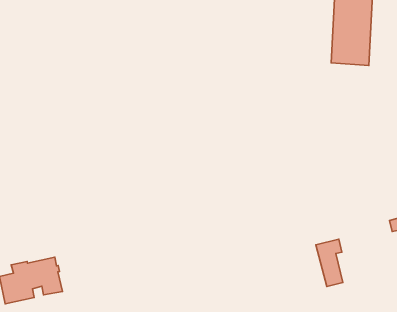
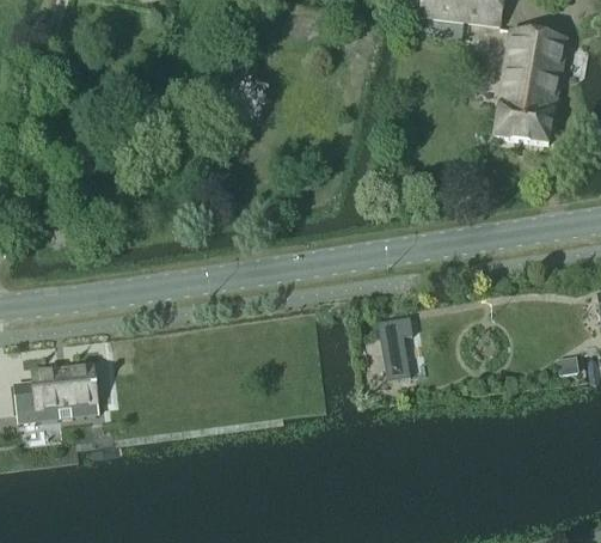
building: [316,239,343,287] -> [378,317,412,380]

